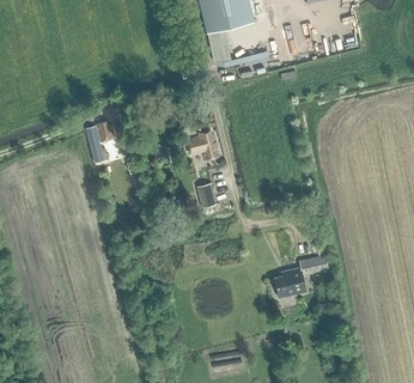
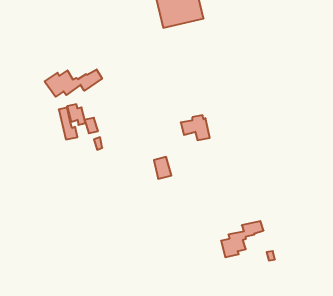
building: none -> [45,69,102,97]
building: [185,133,219,162] -> [181,115,210,140]

